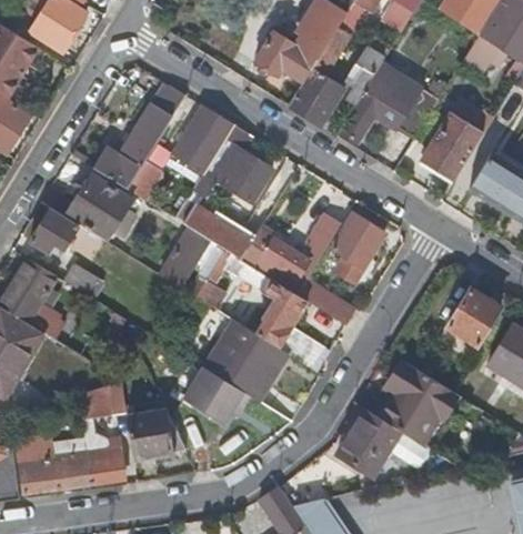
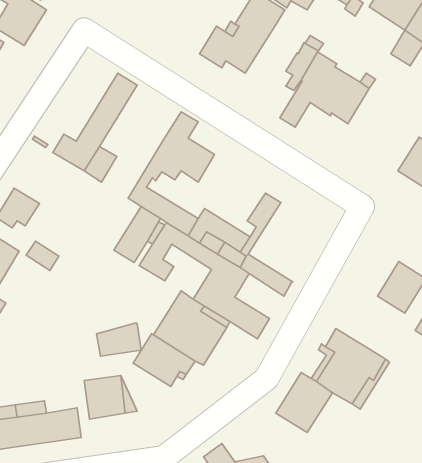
building: [289,28,350,125] -> none
building: [172,105,233,164] -> none
building: [418,120,479,187] -> none
building: [66,173,131,240] -> none
building: [331,214,384,283] -> none
building: [78,383,127,420] -> [96,323,141,356]

